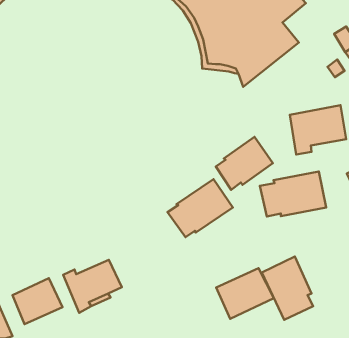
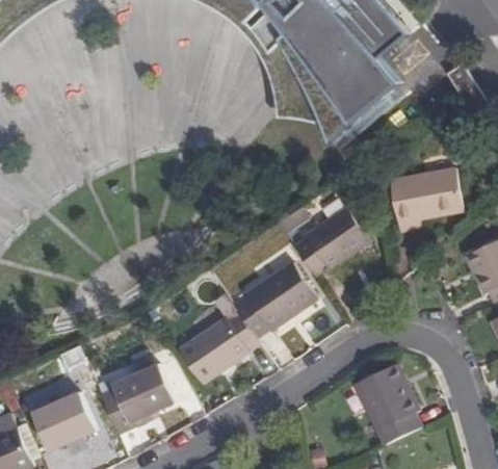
building: [260,171,326,217] -> none
building: none -> [179,310,258,383]
building: [216,268,274,319] -> none

